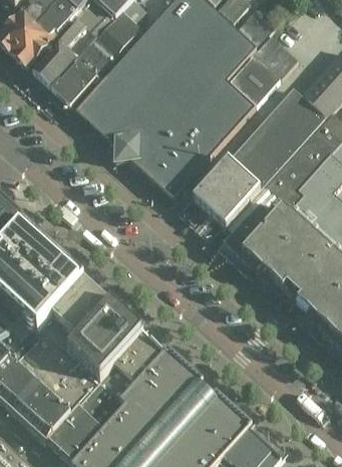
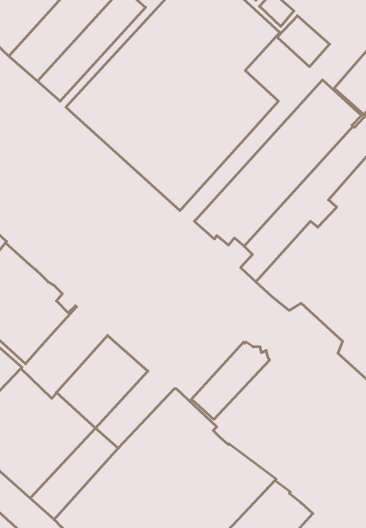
building: [232,54,280,101] -> none
building: [37,277,110,355] -> none
building: [100,331,166,397] -> [191,342,270,419]

